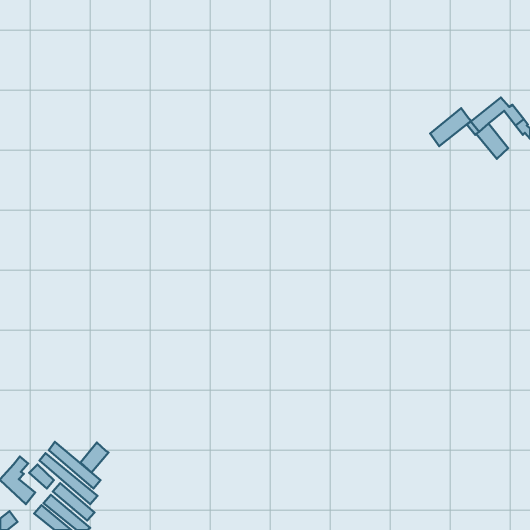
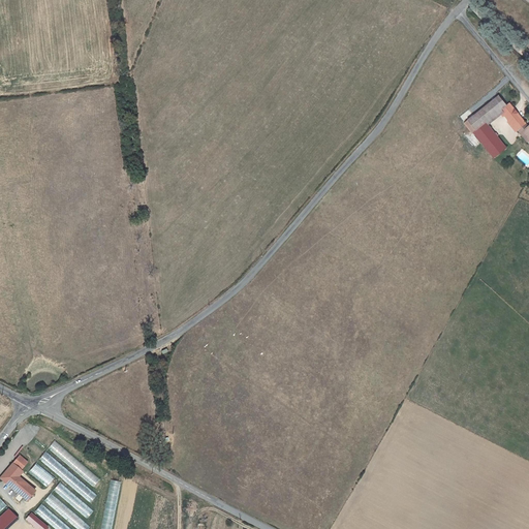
building: [430,108,471,146] -> none
building: [81,442,109,472] -> none

